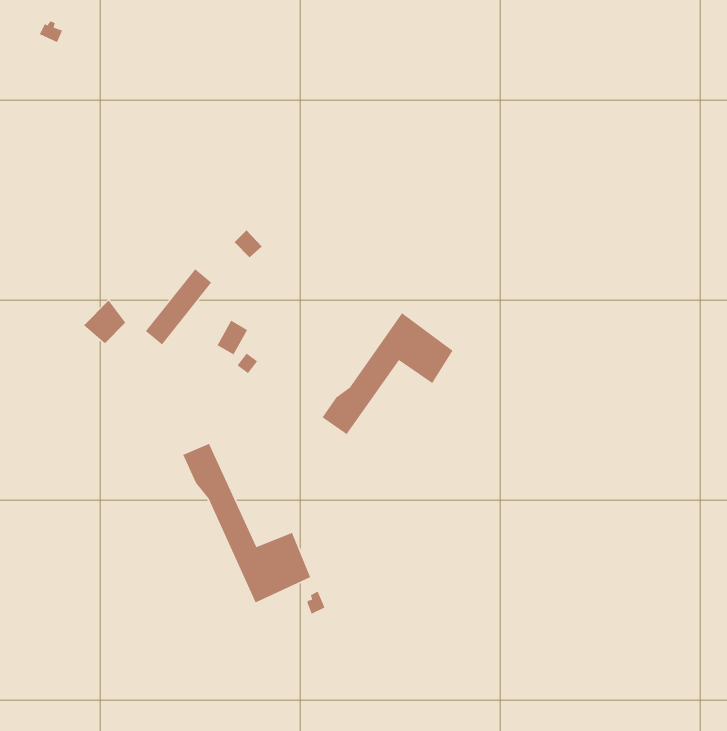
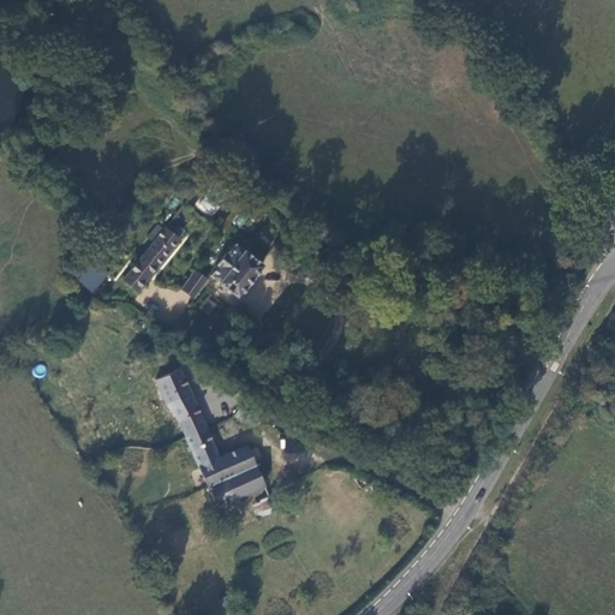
building: none -> [216,245,265,297]
building: [322,312,454,435] -> none

